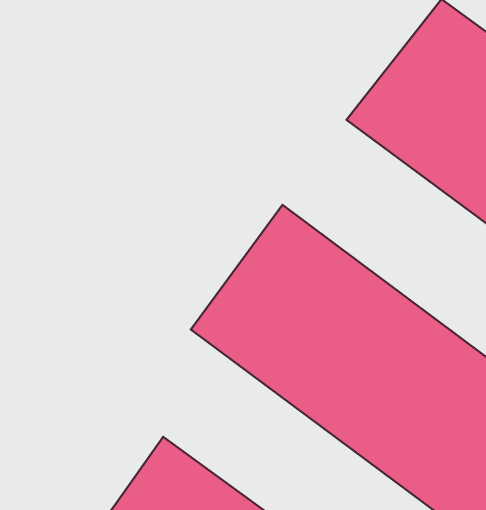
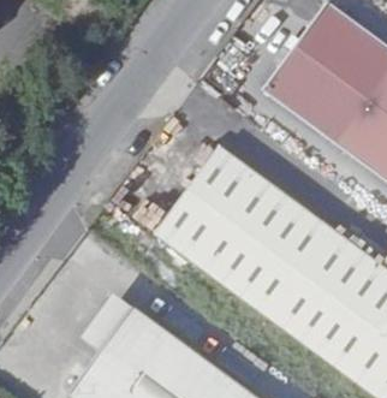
building: none -> [83,293,136,354]

